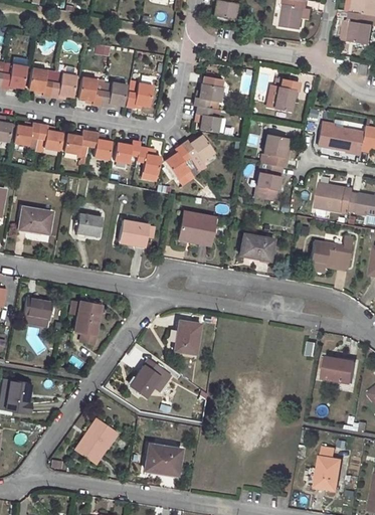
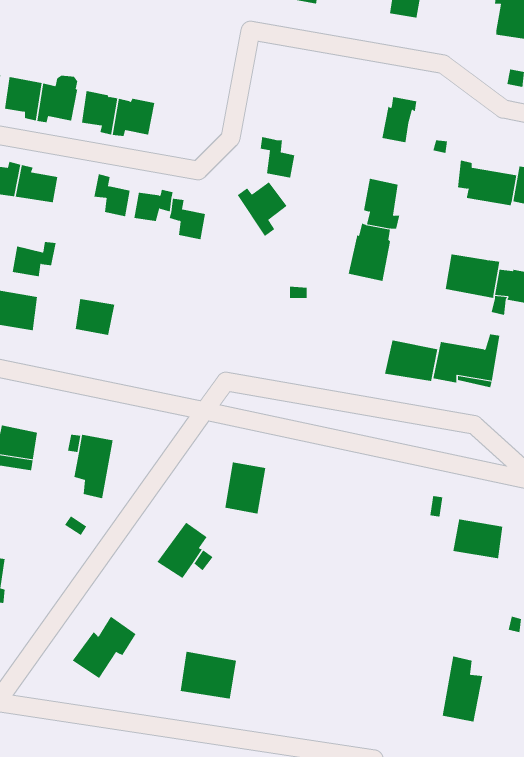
building: [193,76,223,109] -> none
building: [126,82,153,108] -> none
building: [61,130,90,153] -> [12,241,56,277]
building: [165,145,199,179] -> none
building: [179,210,215,244] -> none
building: [118,219,149,245] -> none
building: [238,232,273,260] -> [384,340,438,381]

